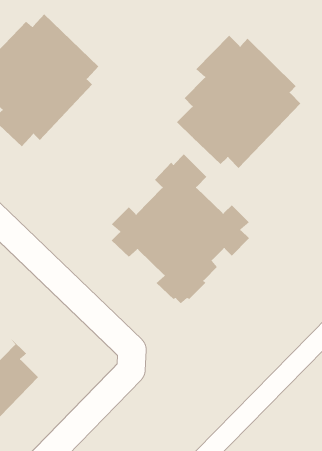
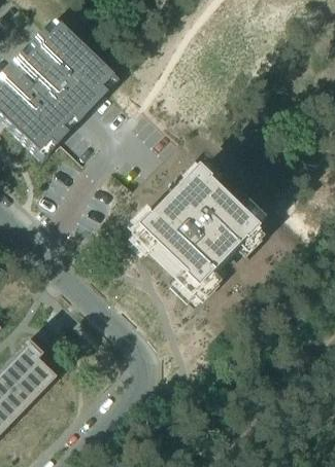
building: [176,35,301,169] -> none

